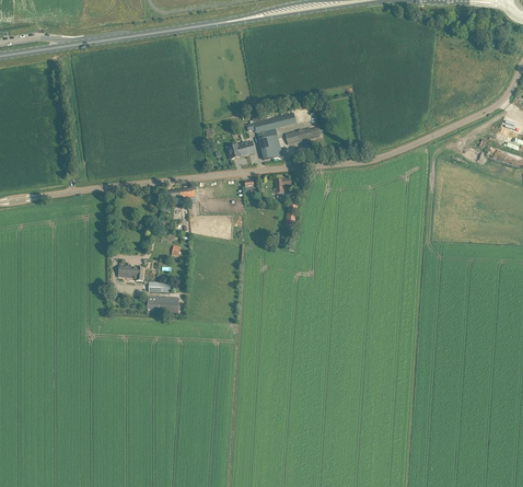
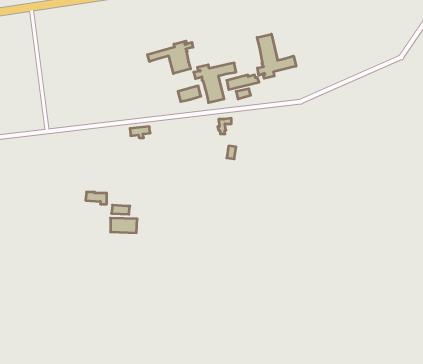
building: none -> [257,34,296,78]
building: none -> [147,41,193,74]

